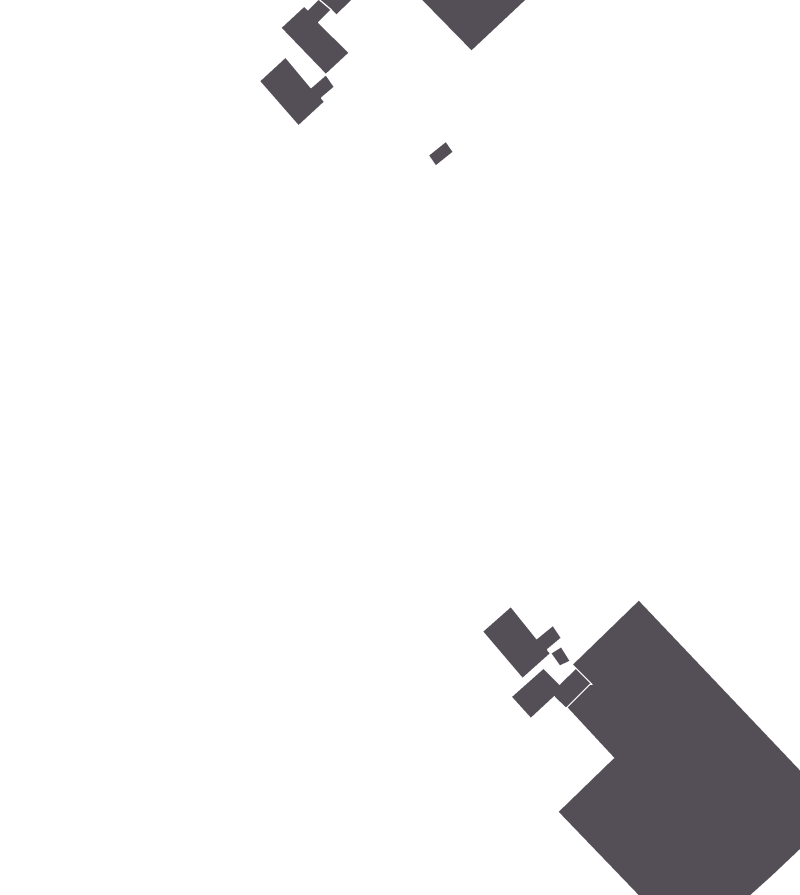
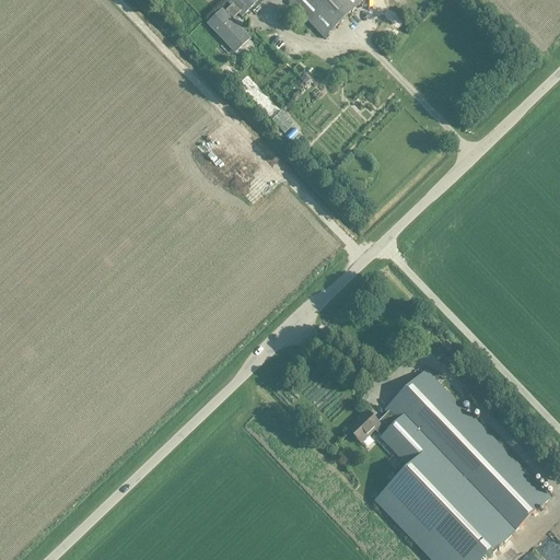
building: [259,57,334,126] -> none
building: [483,606,561,679] -> none

